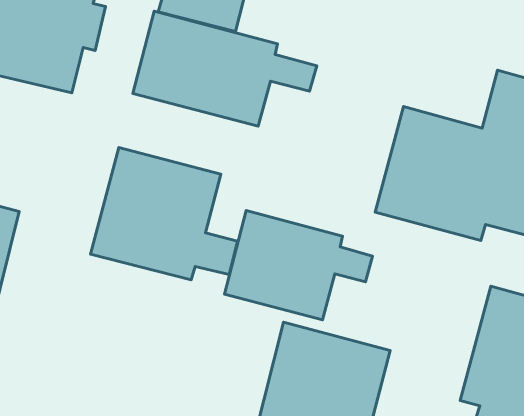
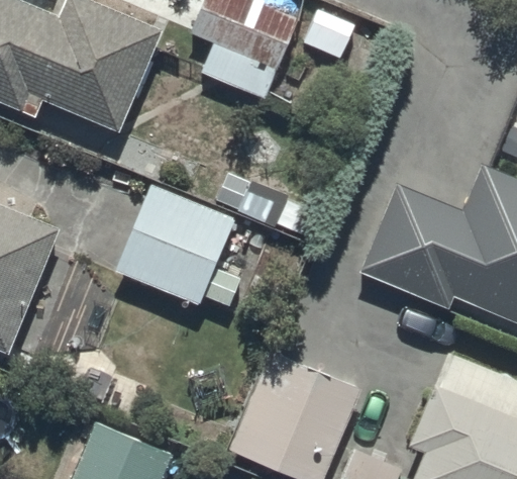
building: [133,11,317,126] -> none
building: [224,210,373,320] -> none

